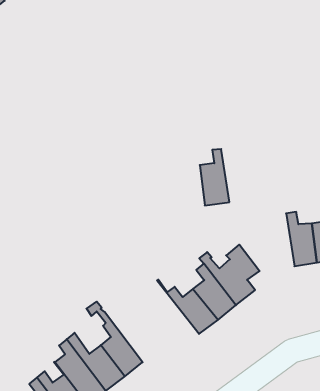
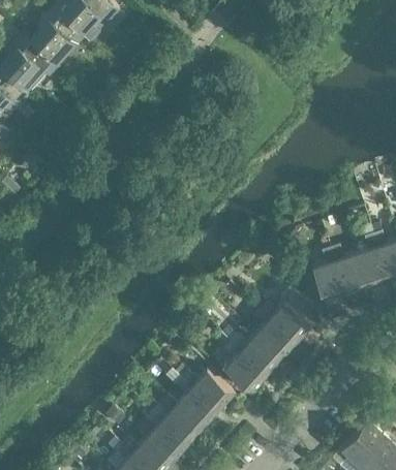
building: [200,149,229,205] -> [311,249,345,305]
building: none -> [213,334,267,395]
building: none -> [174,366,234,413]

